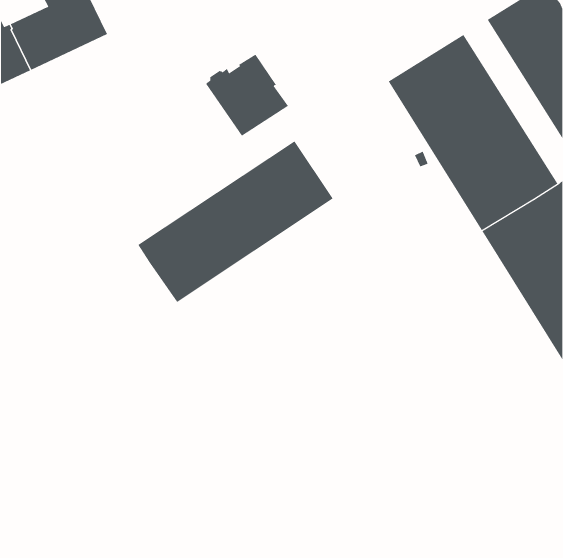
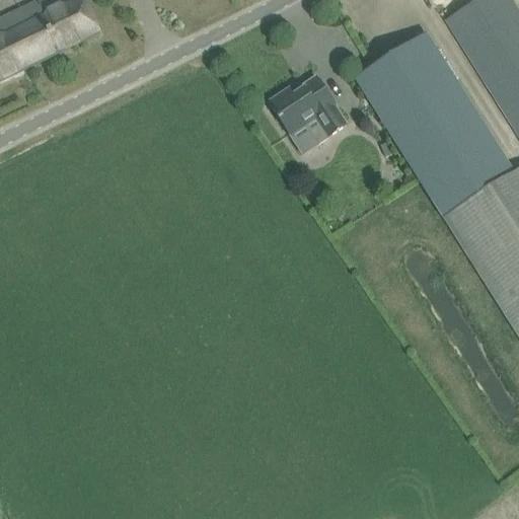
building: [205,54,289,137] -> [271,75,348,151]
building: [137,141,334,303] -> none

